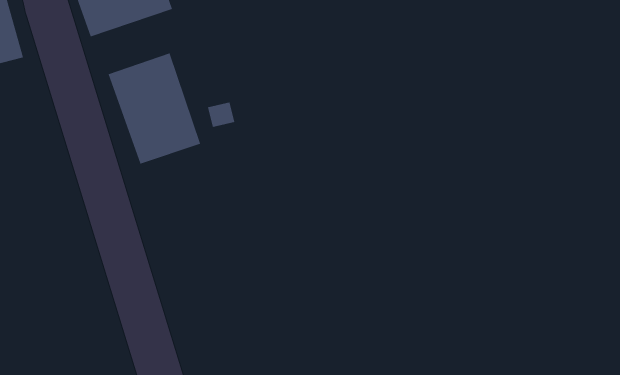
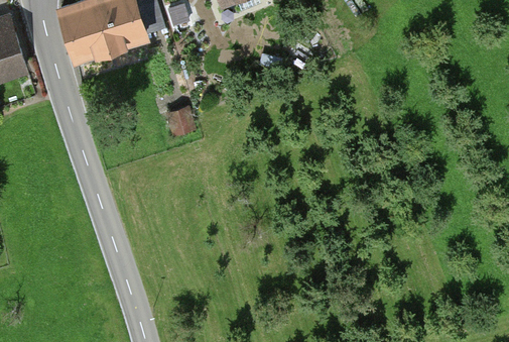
building: [108,52,201,165] -> none

